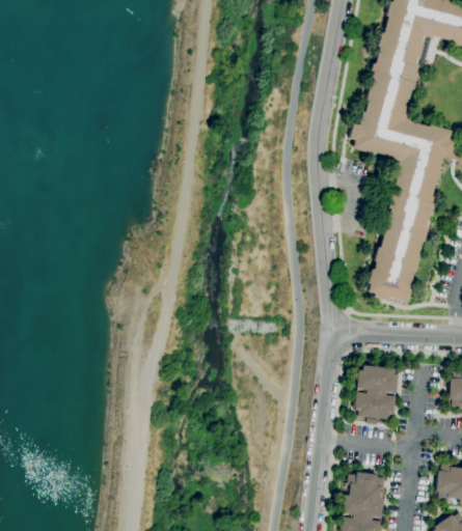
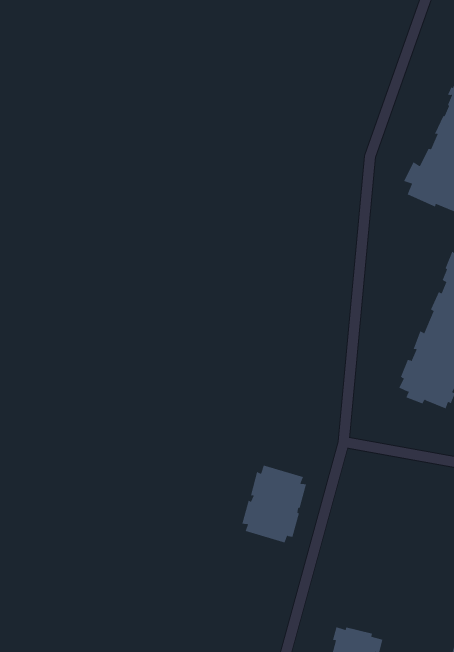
building: [354,365,398,420] -> [242,465,307,543]

